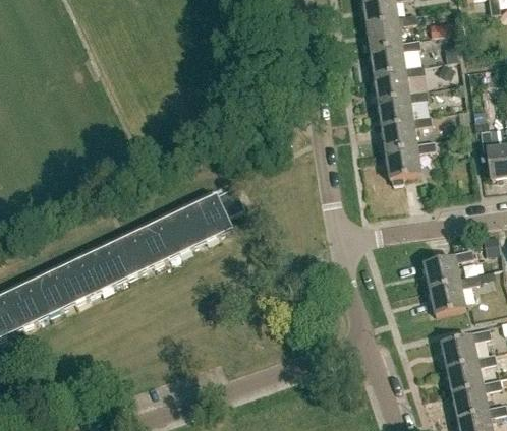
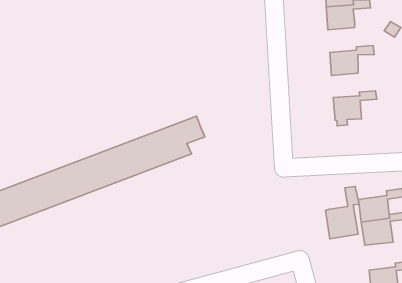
building: [374,62,424,100] -> none
building: [382,113,432,149] -> none
building: none -> [325,187,359,239]

